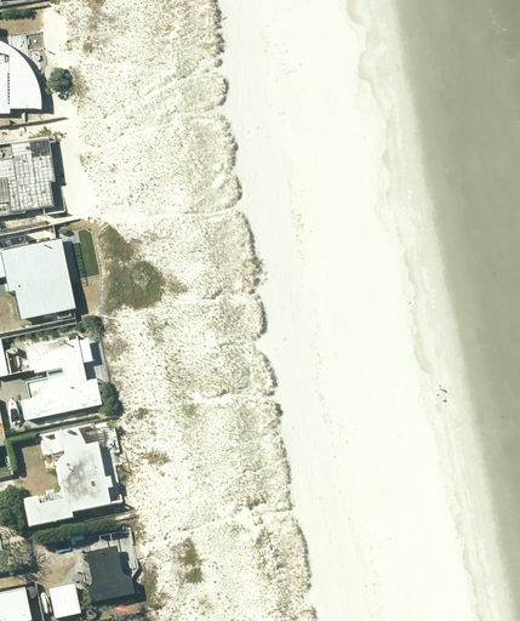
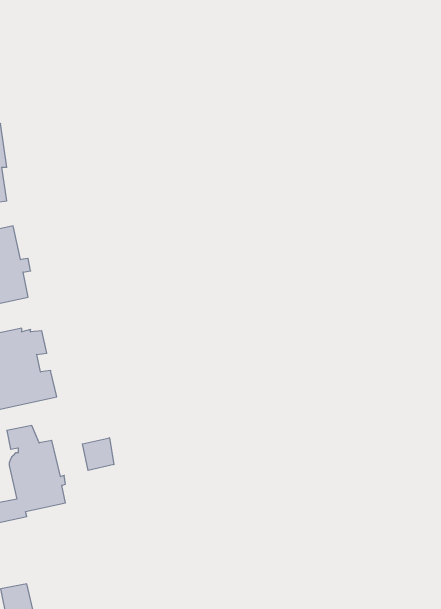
building: none -> [82,438,114,470]
building: [85,547,132,602] -> none

